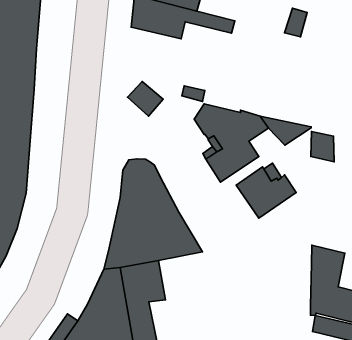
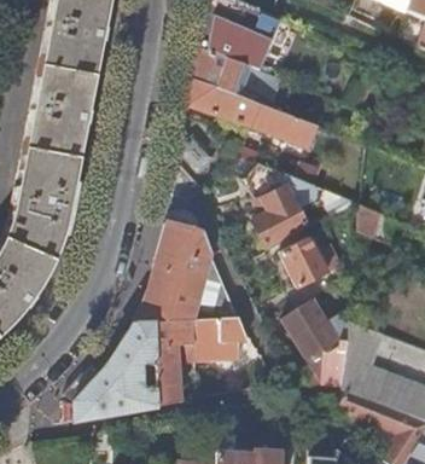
building: none -> [187,77,319,147]
building: none -> [283,300,348,389]
building: none -> [192,315,246,360]

